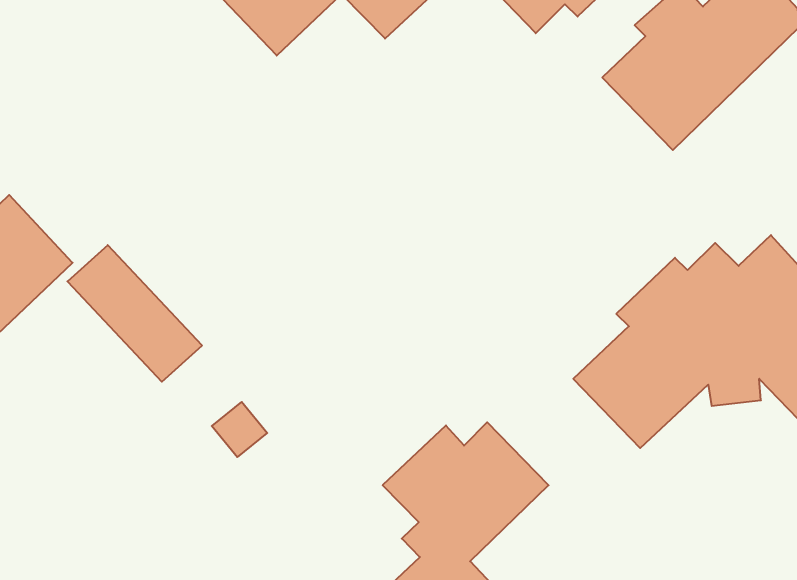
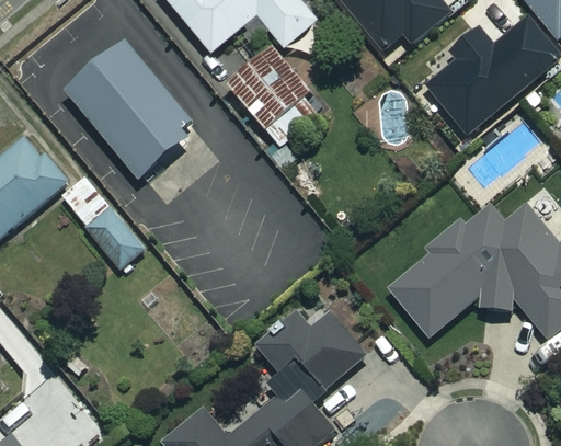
building: none -> [68,30,197,172]
building: none -> [232,56,319,144]

